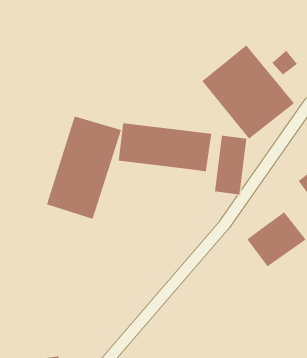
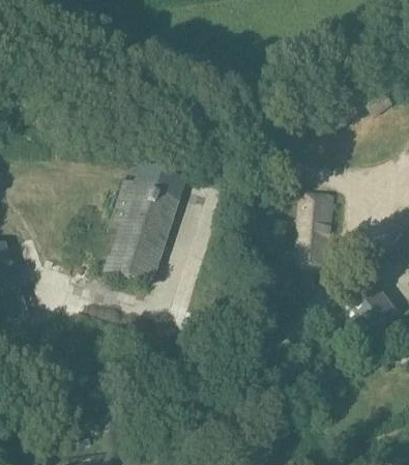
building: [202,45,295,140] -> none
building: [118,122,212,172] -> none

